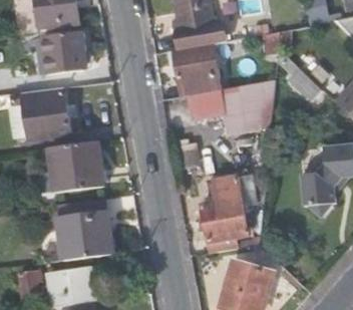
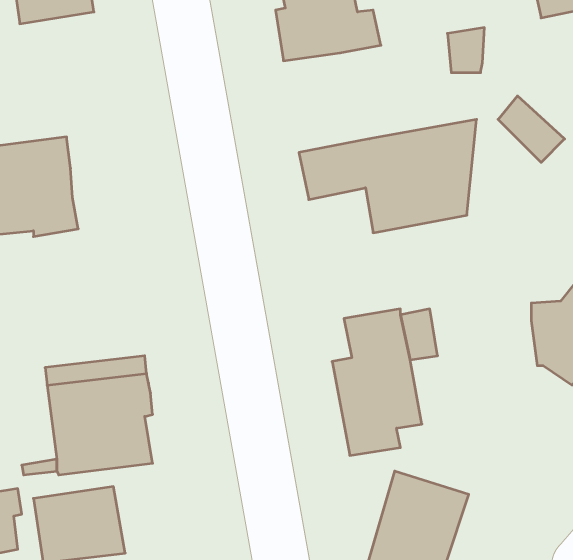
building: [40,33,85,74] -> none
building: [166,44,221,95] -> none
building: [46,141,105,193] -> none

